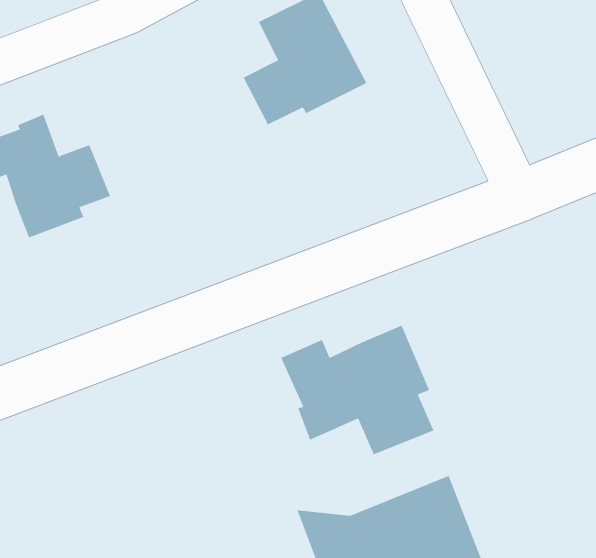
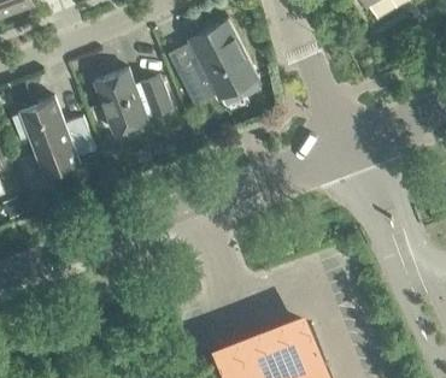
building: none -> [93,69,171,131]
building: [281,325,434,455] -> none

